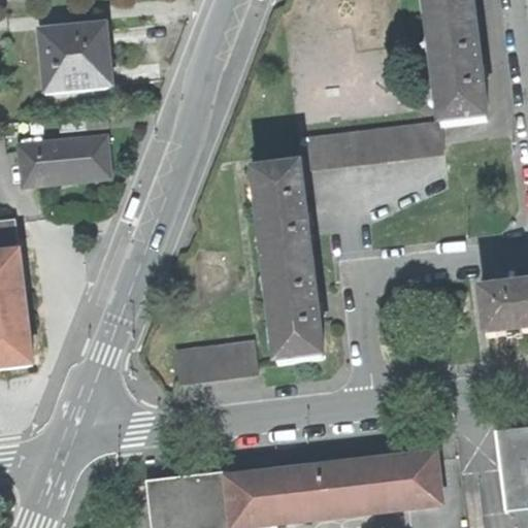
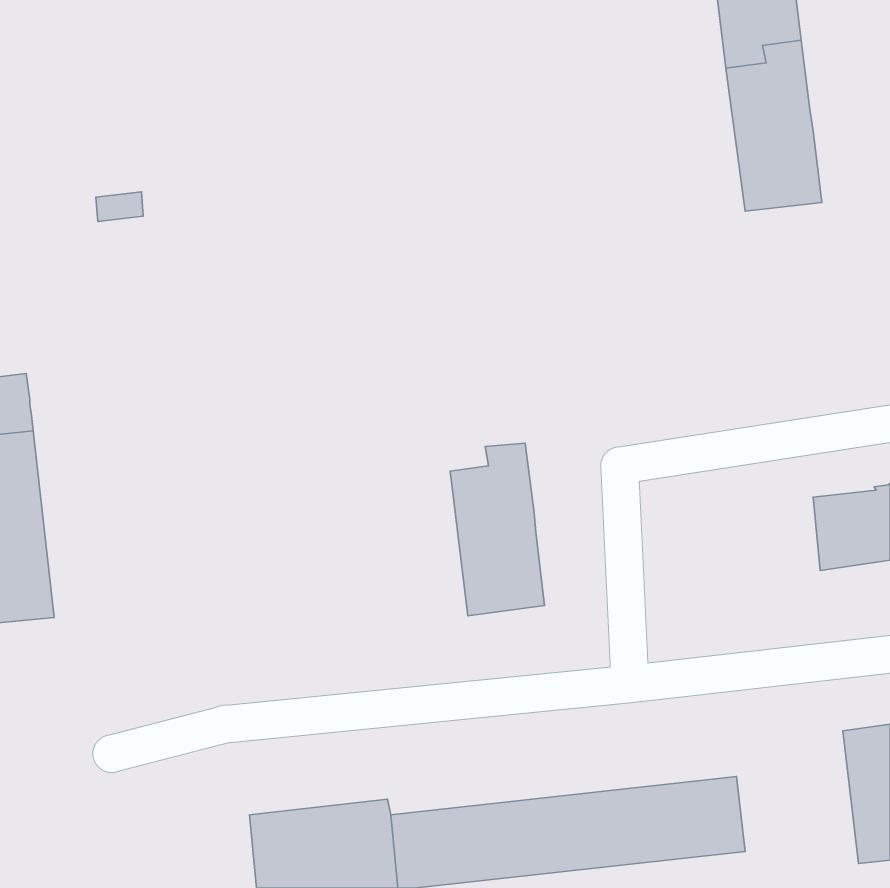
building: [40,24,112,92] -> none
building: [305,122,433,168] -> none
building: [21,137,110,186] -> none
building: [254,169,310,278] -> none
building: [179,341,262,382] -> none

